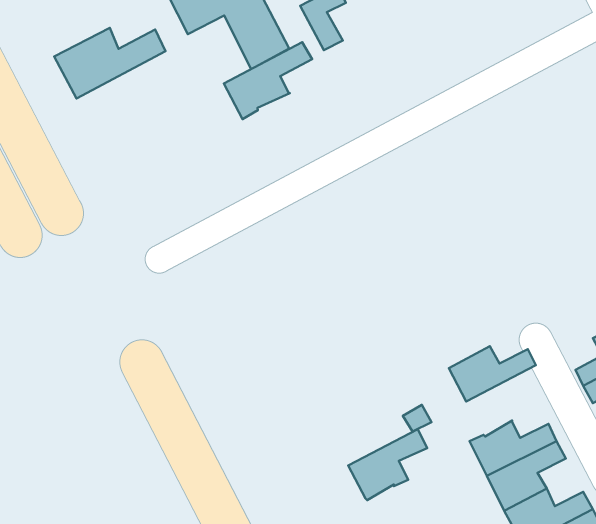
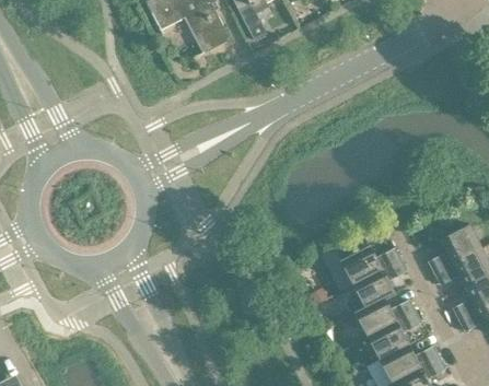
building: [54,28,166,99] -> none
building: [224,42,312,119] -> none
building: [348,429,427,500] -> [352,258,407,307]

